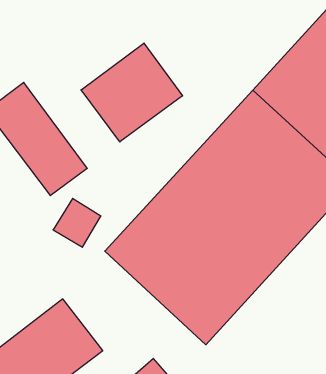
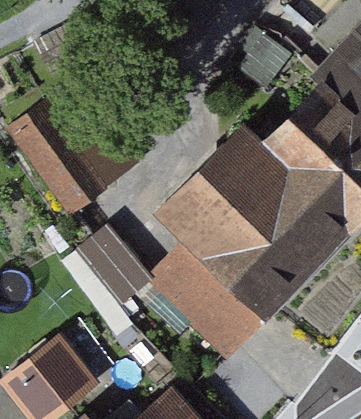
building: [81,43,183,142] -> none

